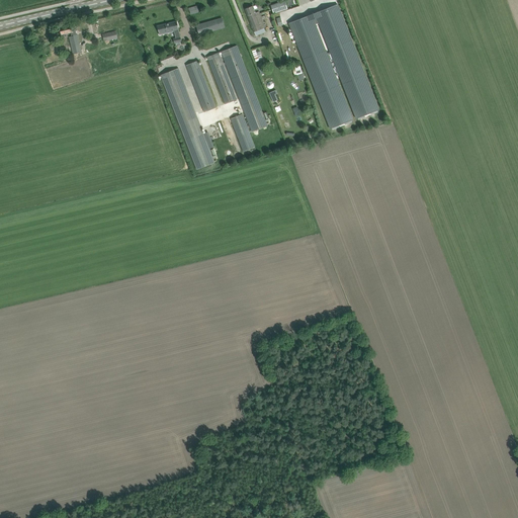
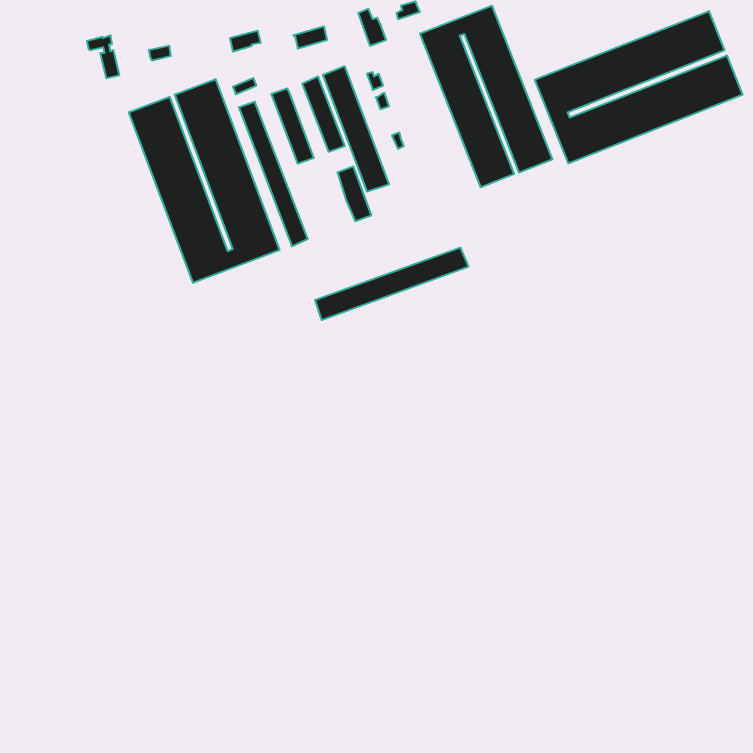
building: none -> [535,11,742,163]
building: none -> [129,79,280,283]
building: none -> [315,248,468,320]

